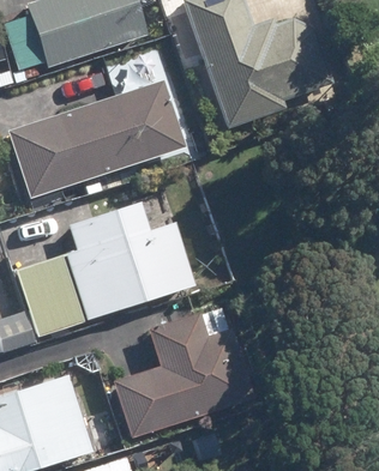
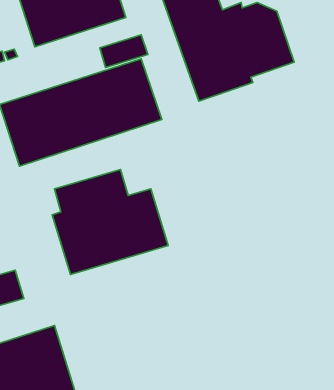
building: [14,255,84,337] -> none
building: [115,307,258,437] -> none

